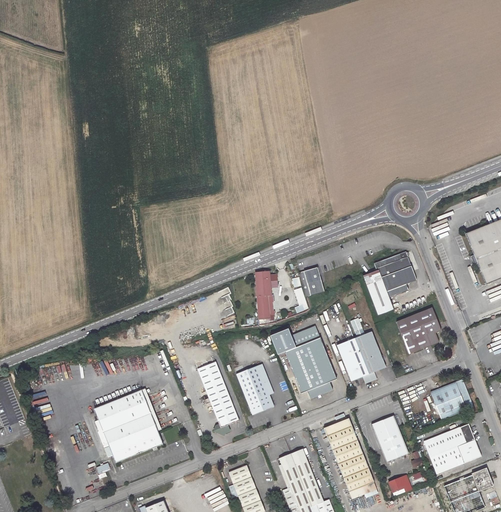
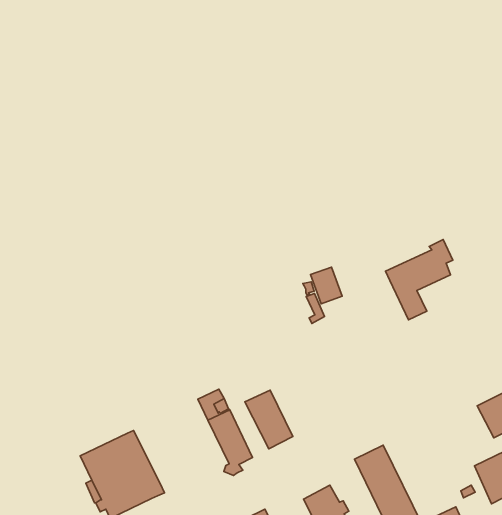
building: [255,271,274,322] -> none
building: [396,307,441,353] -> none
building: [337,317,385,383] -> none
building: [270,327,337,398] -> none
building: [371,415,408,461] -> none

